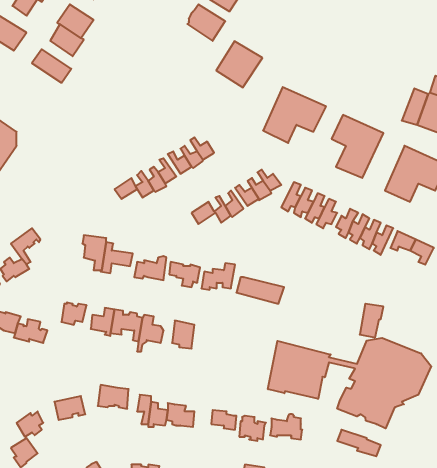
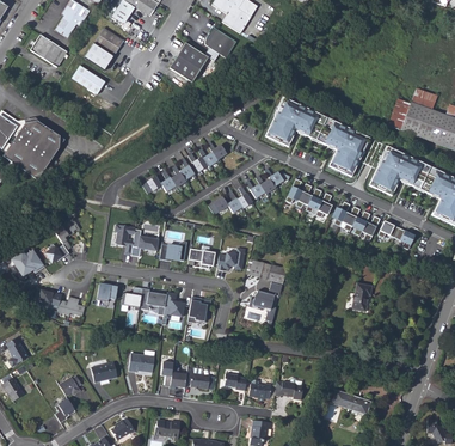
building: [216,41,262,87] -> [170,43,209,83]
building: none -> [248,281,283,320]
building: [268,338,431,428] -> none

